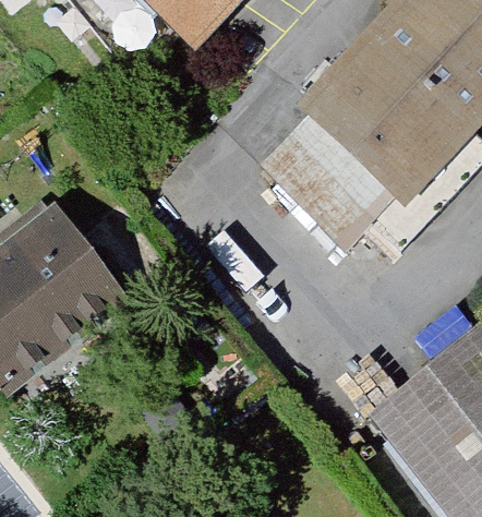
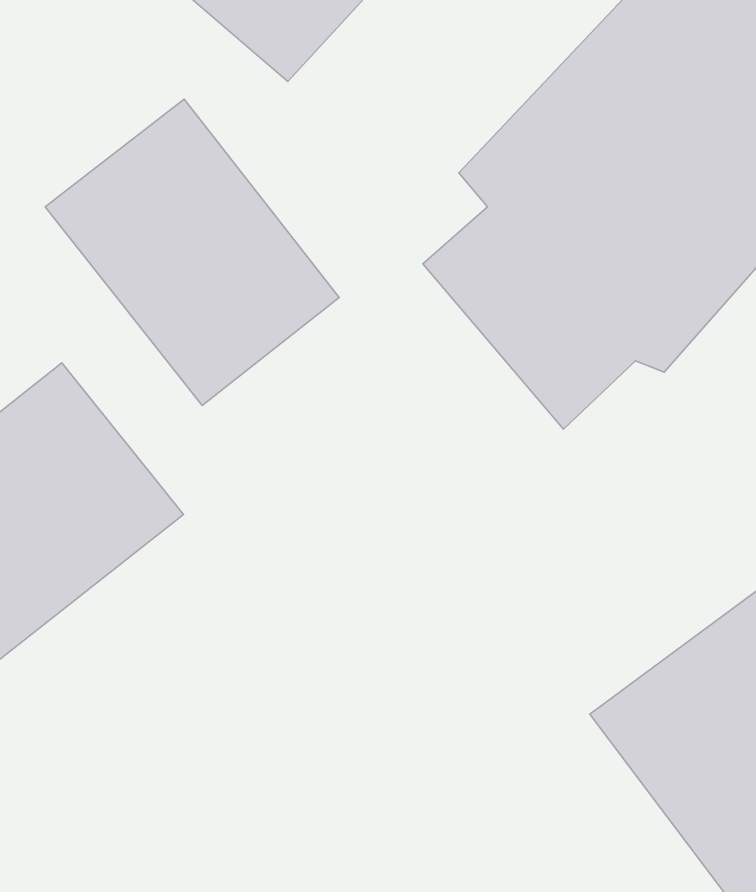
building: none -> [45,99,339,406]

